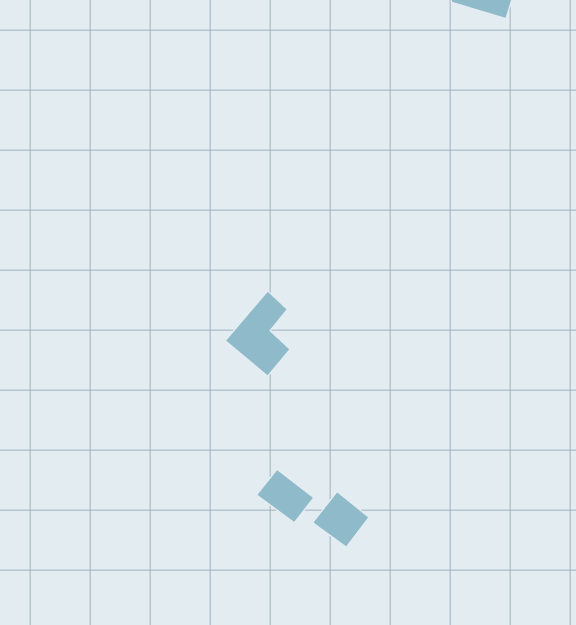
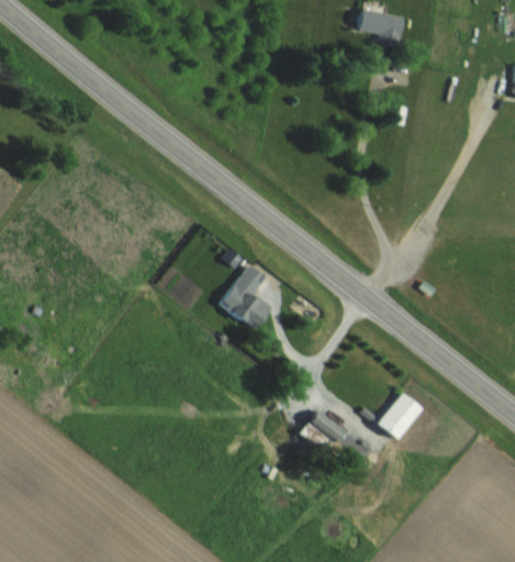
building: [257,469,314,523] -> none
building: none -> [373,393,417,439]

